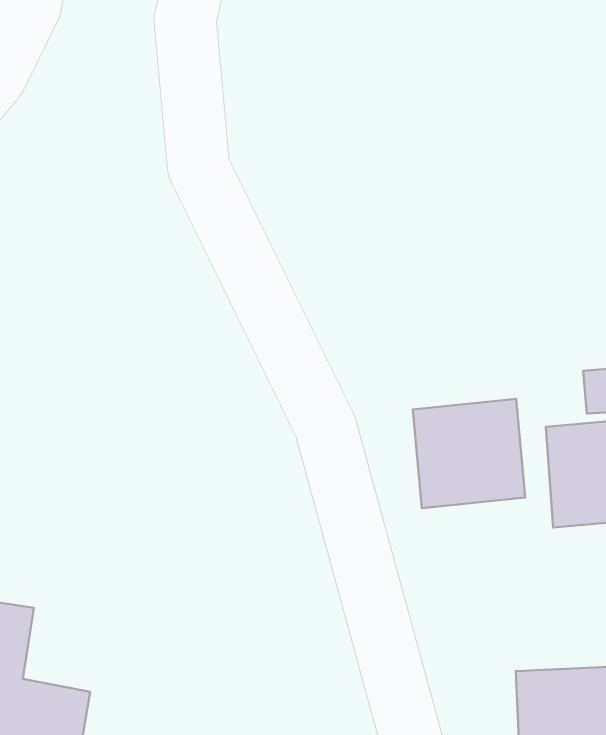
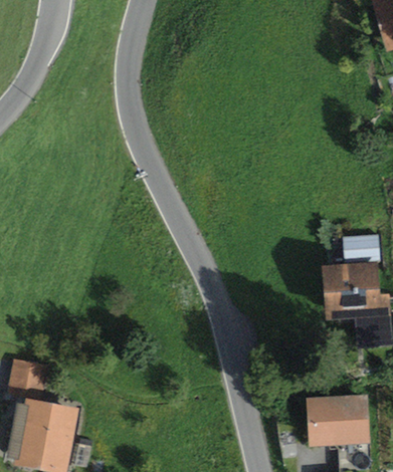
building: [413,399,525,508] -> none

